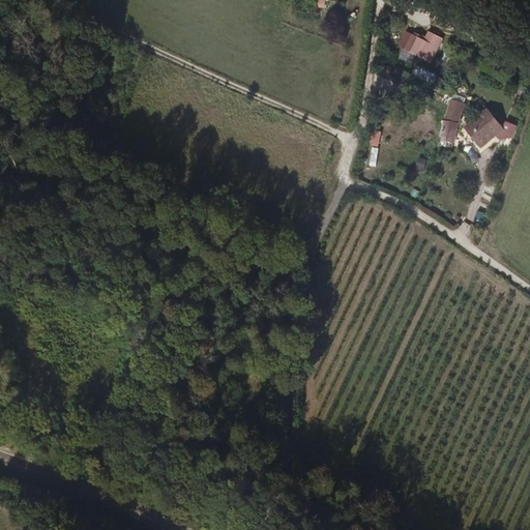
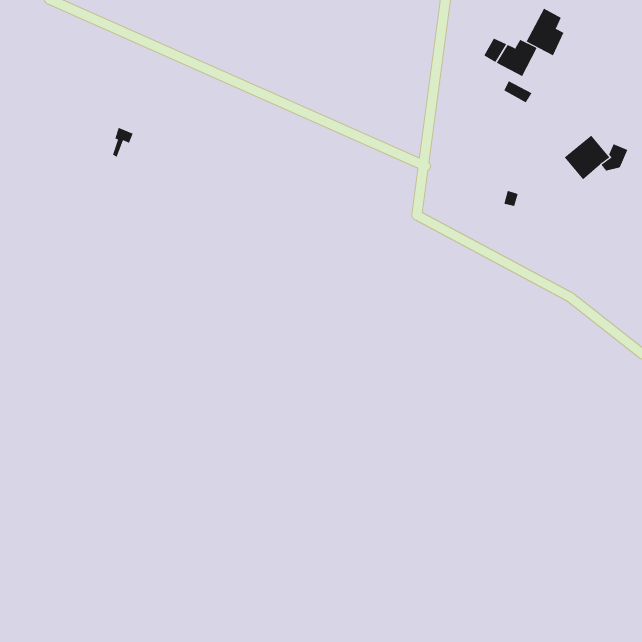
building: none -> [526,8,564,56]
building: [440,96,464,144] -> none

